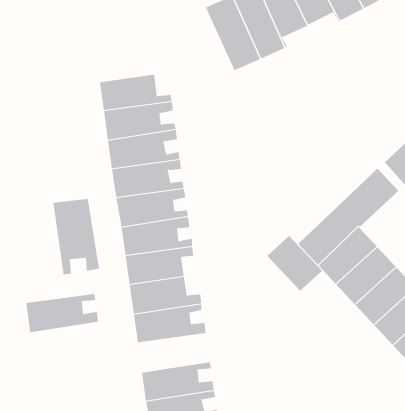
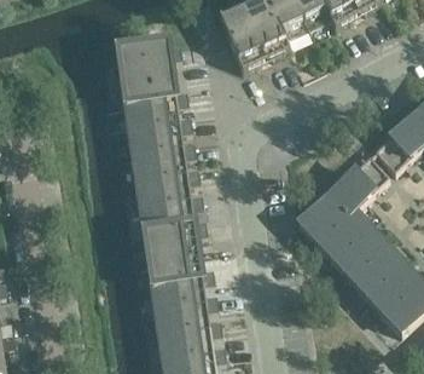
building: none -> [116,40,180,76]
building: [53,198,100,275] -> none
building: [267,235,323,292] -> none
building: [25,293,99,333] -> [155,300,220,335]

